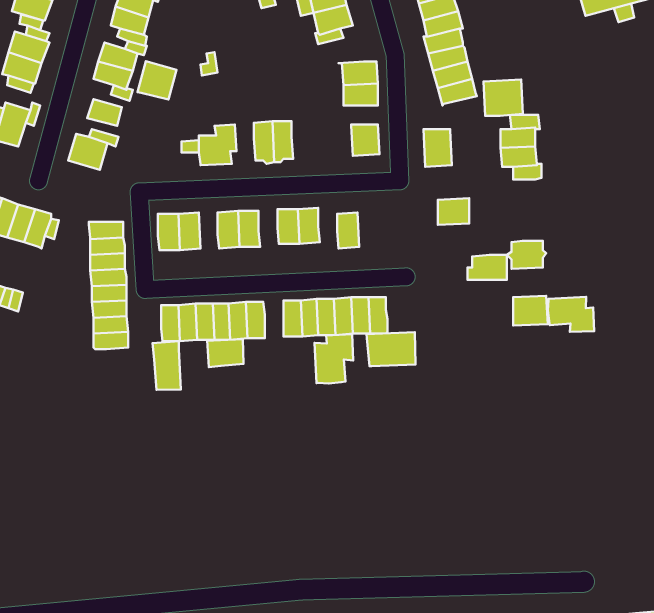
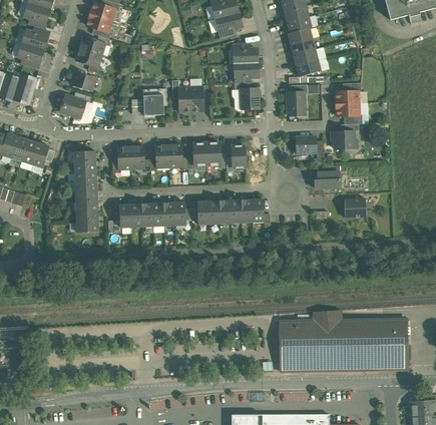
building: [137,61,177,99] -> none
building: [484,80,523,116] -> none
building: [507,241,546,269] -> [331,131,356,149]
building: [548,297,594,332] -> none
building: [367,332,416,366] -> none
building: [314,334,353,384] -> none
building: [207,339,243,367] -> none
building: [152,341,181,390] -> none
building: none -> [279,310,407,372]

